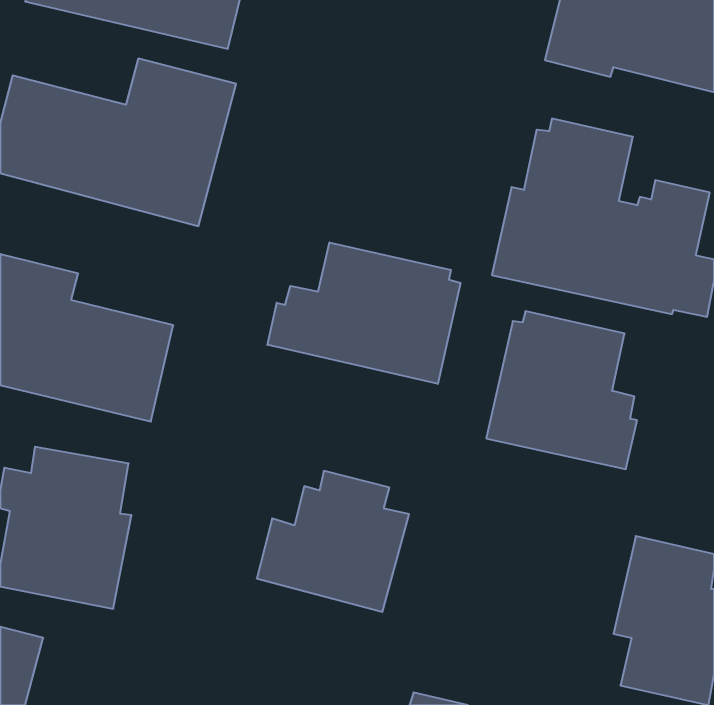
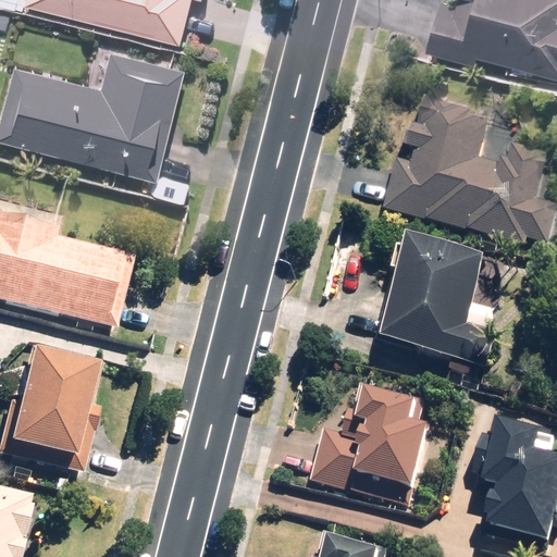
building: [267,242,460,384] -> none
building: [257,471,409,612] -> [314,396,433,506]

